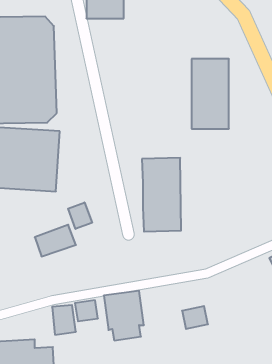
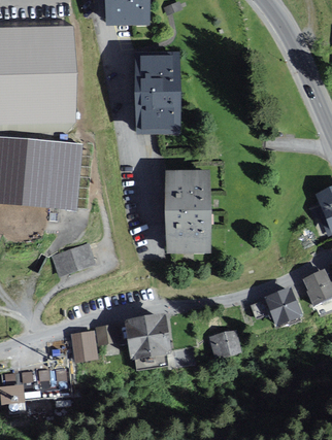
building: [192,59,229,129] -> [138,55,178,130]
building: [68,202,92,229] -> none
building: none -> [266,287,300,324]

